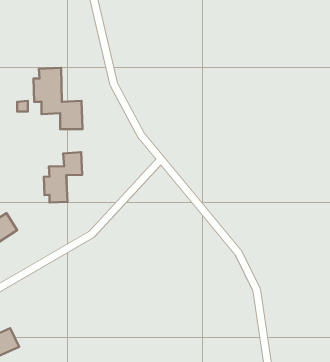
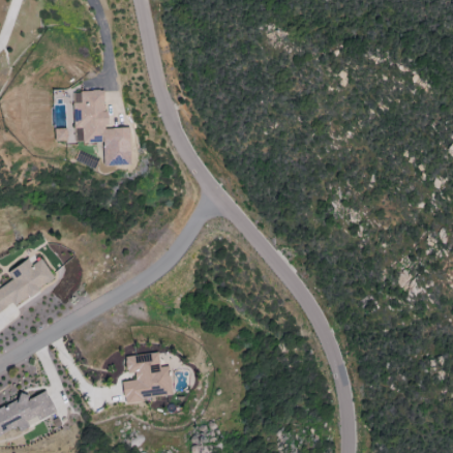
building: [44,152,82,203] -> none
building: none -> [123,354,174,404]

